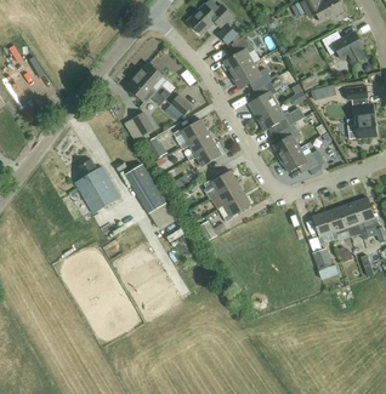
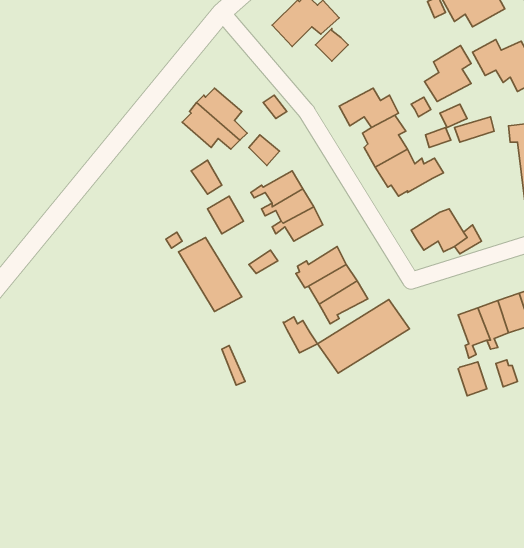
building: [223,38,255,75] -> [424,46,471,101]
building: [273,124,301,159] -> none
building: [75,159,120,213] -> none
building: none -> [317,299,410,373]

